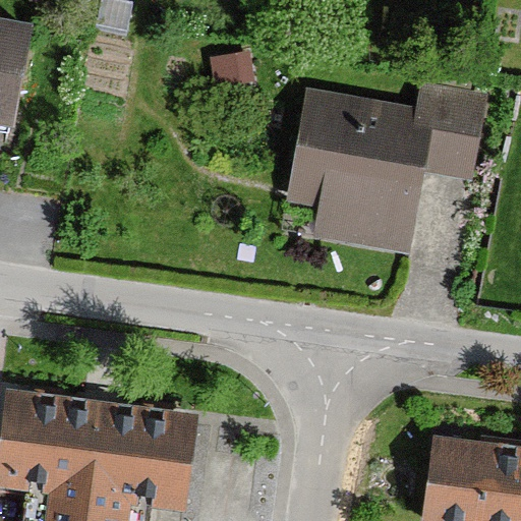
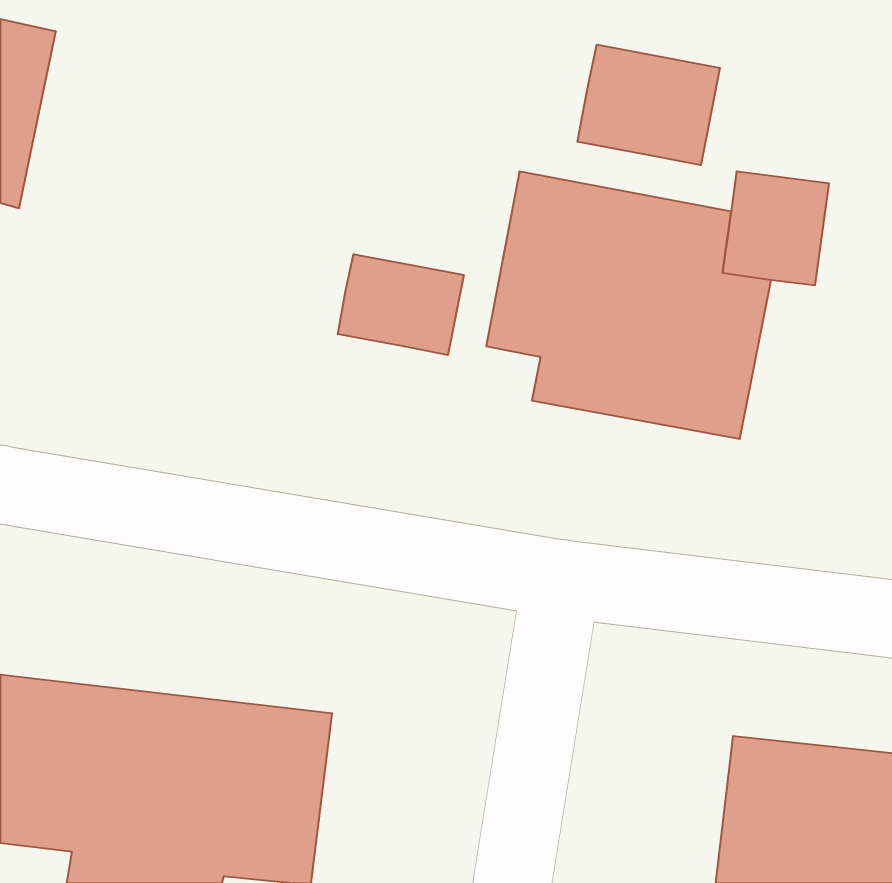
building: none -> [578,45,720,165]
building: none -> [338,254,464,355]

